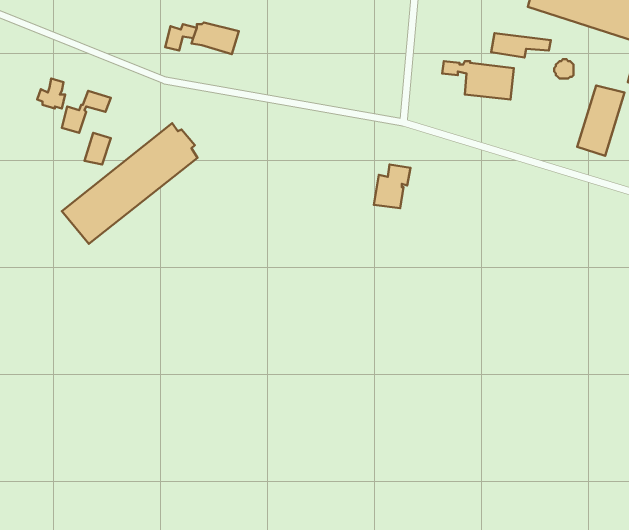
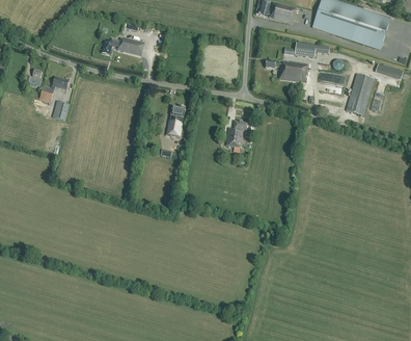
building: [62,123,197,244] -> none
building: none -> [165,105,185,136]

